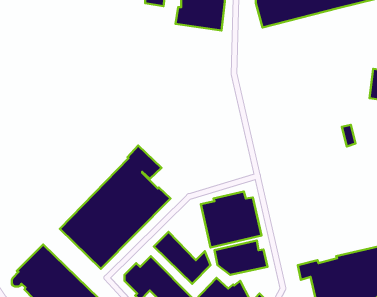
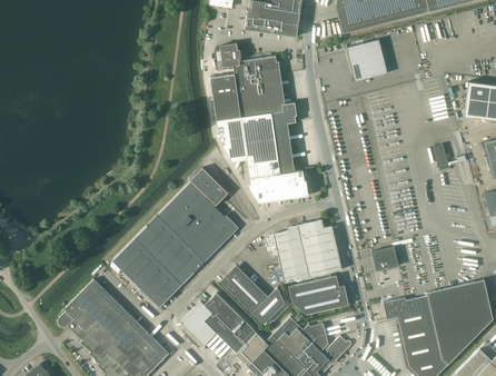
building: none -> [347,40,388,81]
building: none -> [210,43,308,201]
building: none -> [373,246,399,270]

